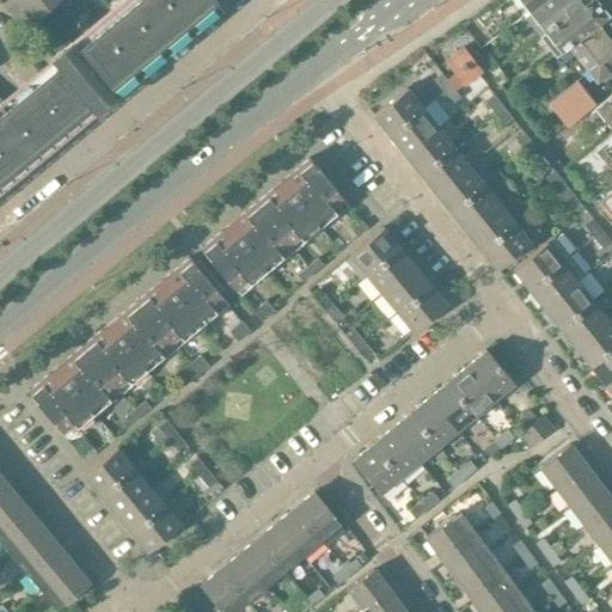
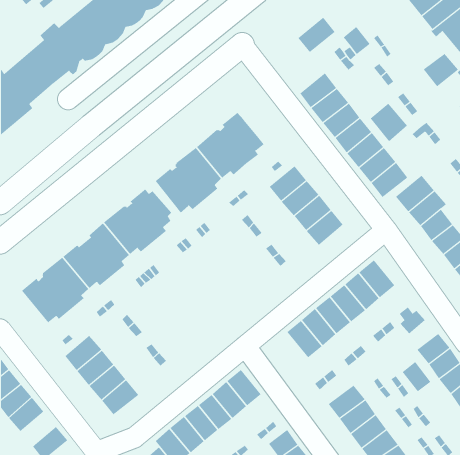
building: [375,90,424,136] -> [298,17,335,53]
building: none -> [370,103,408,142]
building: [354,446,402,495] -> none
building: none -> [402,361,431,392]
building: [29,549,75,594] -> none

